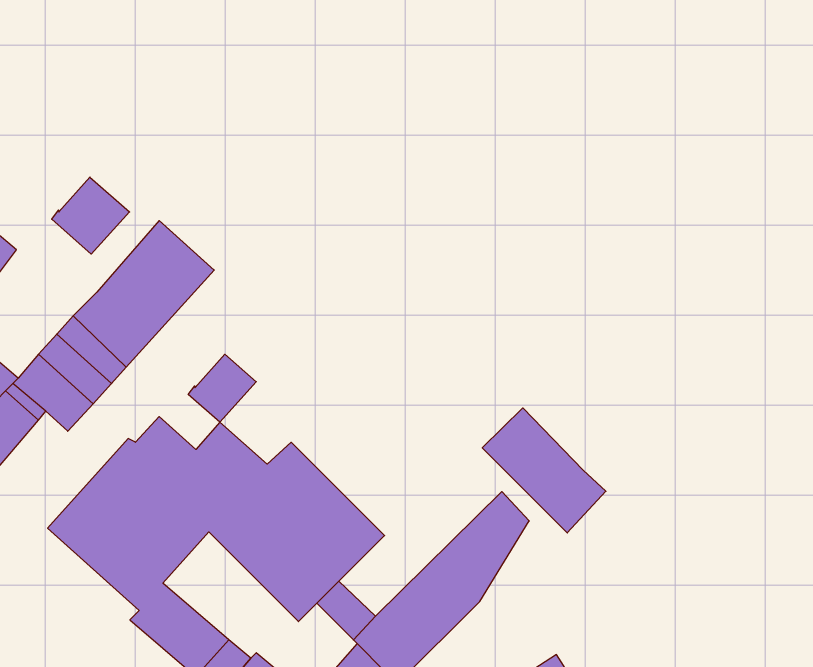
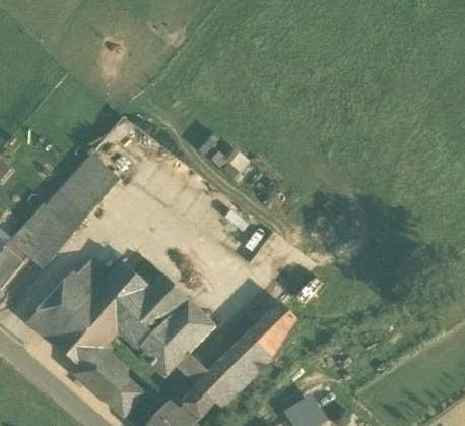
building: [52,177,130,254] -> none
building: [188,354,256,422] -> none
building: [482,408,606,533] -> none

